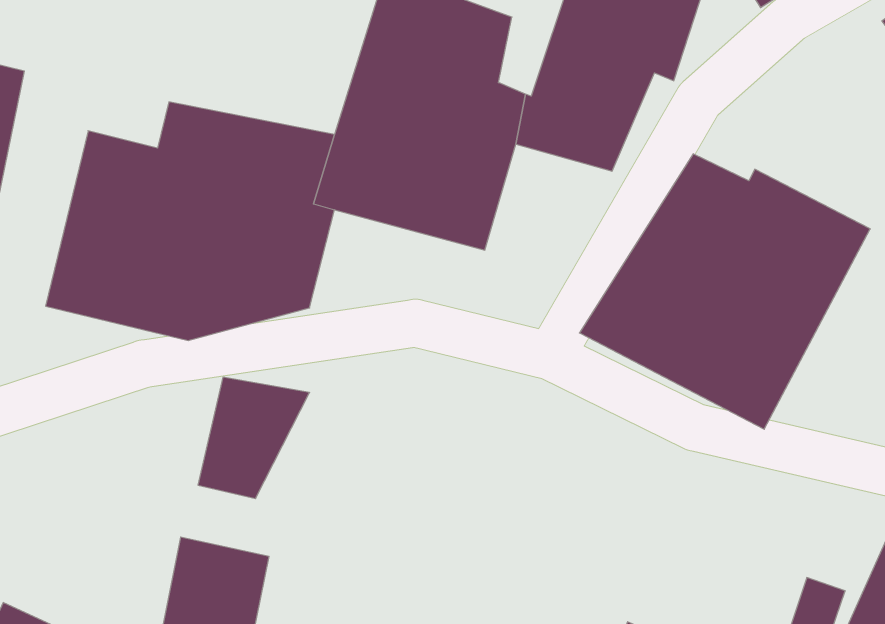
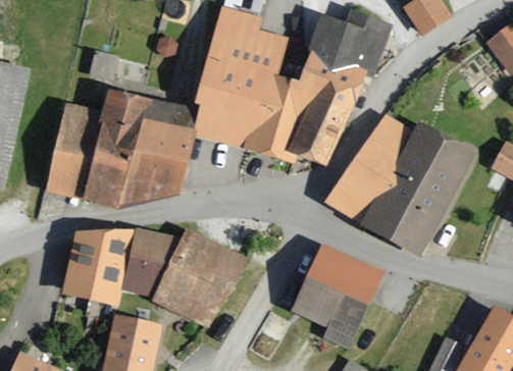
building: none -> [274,106,342,167]
building: none -> [150,227,247,330]
building: none -> [64,229,136,306]
building: none -> [290,243,382,348]

